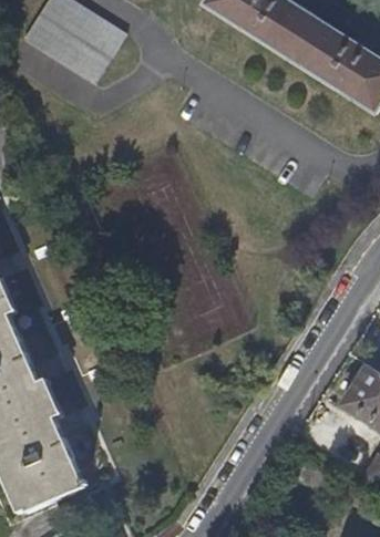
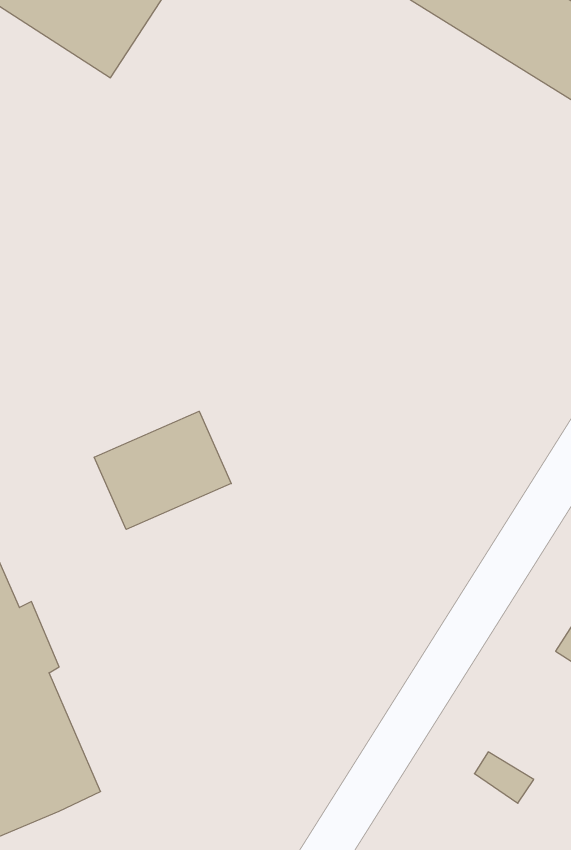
building: none -> [94,411,231,529]

